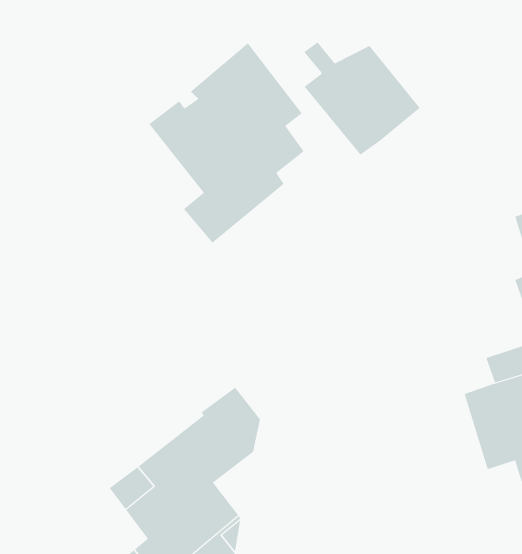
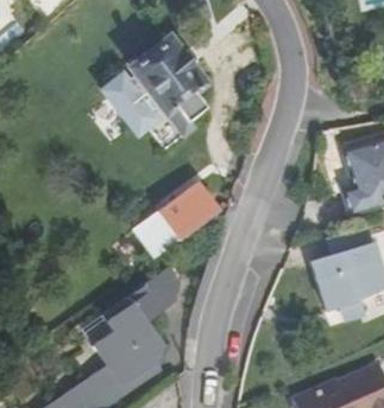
building: [304,41,420,156] -> none
building: none -> [146,181,220,254]

